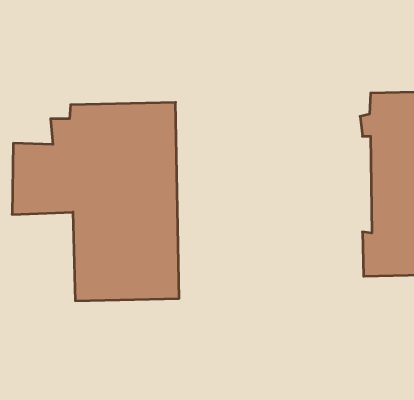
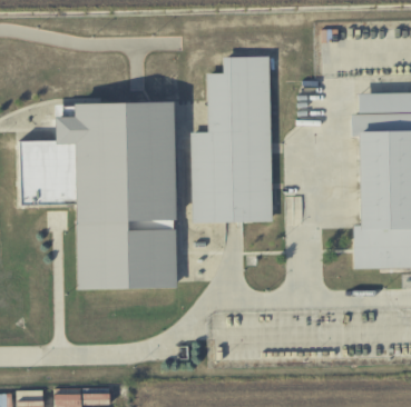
building: none -> [192,53,275,222]

